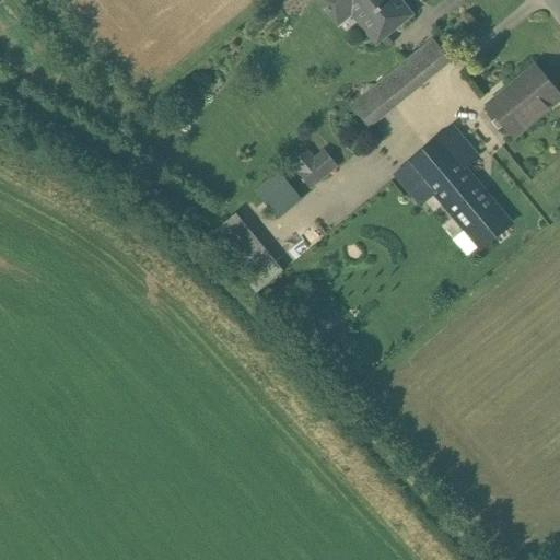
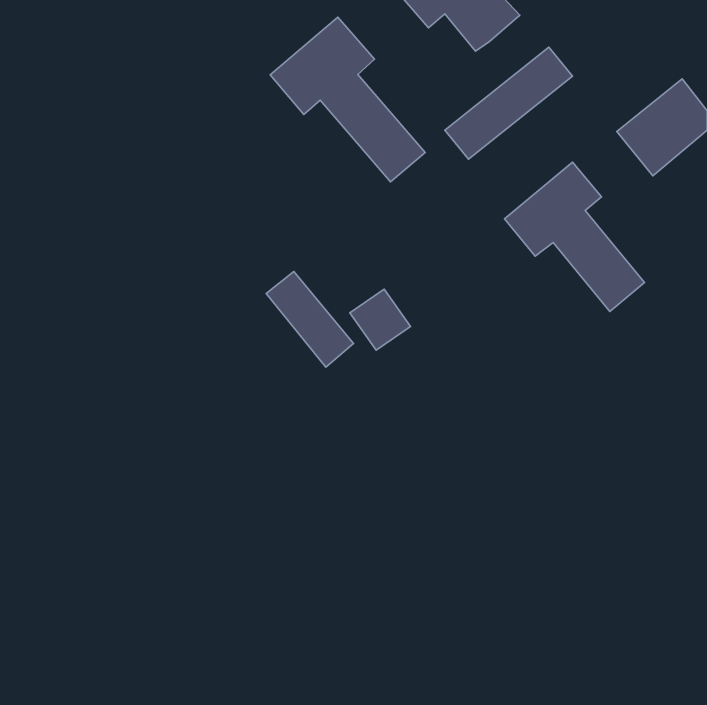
building: none -> [270,17,425,182]
building: [292,150,335,184] -> none
building: [253,167,301,215] -> [350,289,411,350]

